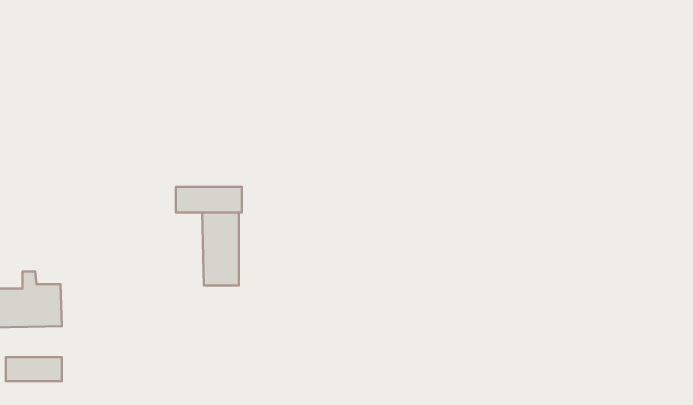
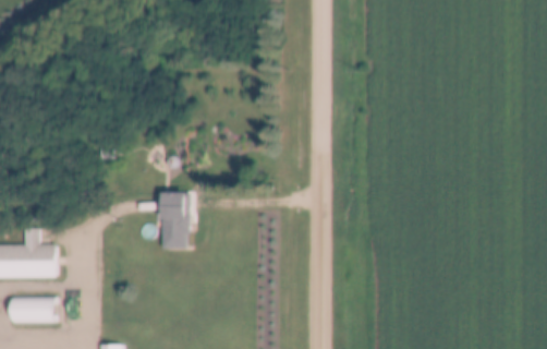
building: [176,187,242,212] -> none

